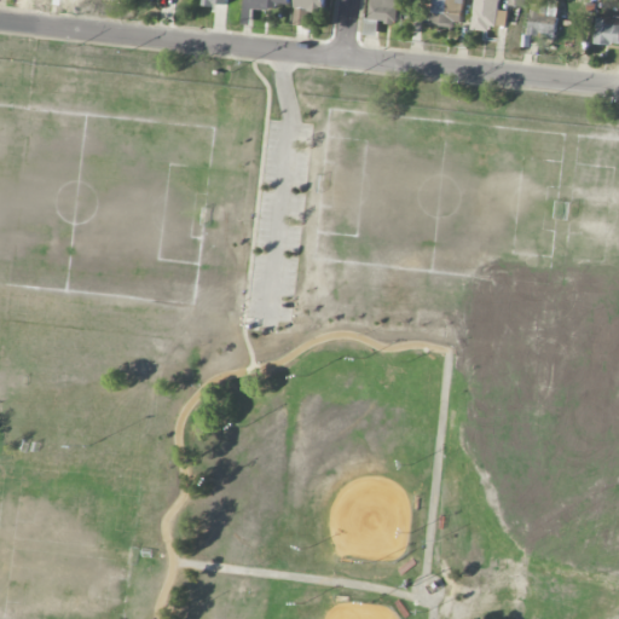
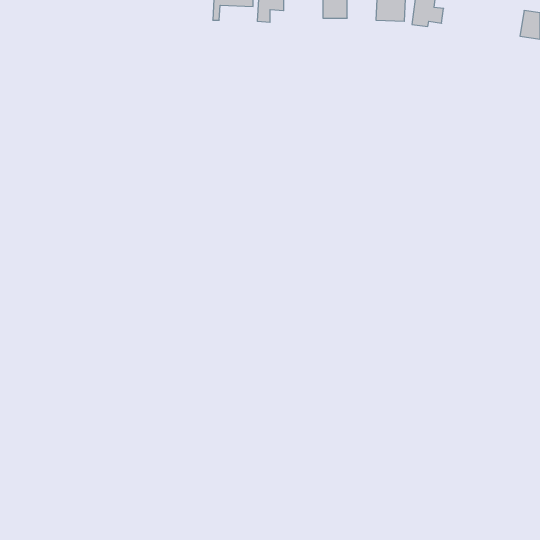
building: [527,5,556,36] -> none

